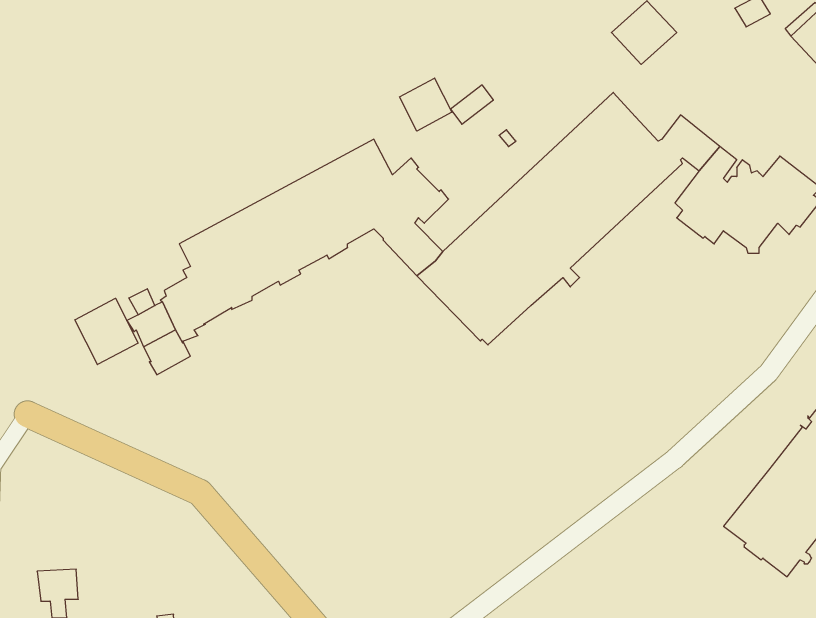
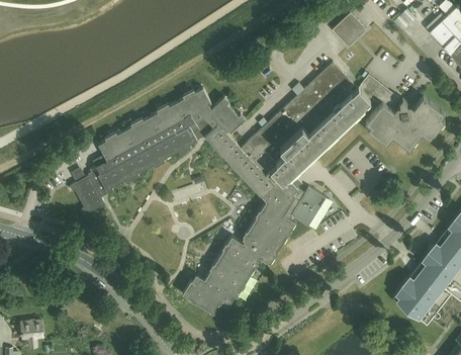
building: [400,78,452,131] -> none
building: [75,298,138,365] -> none
building: none -> [182,178,326,314]

